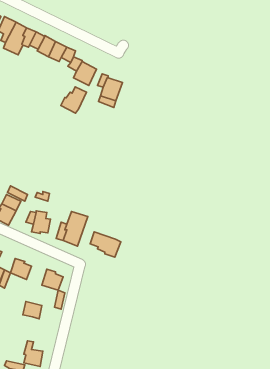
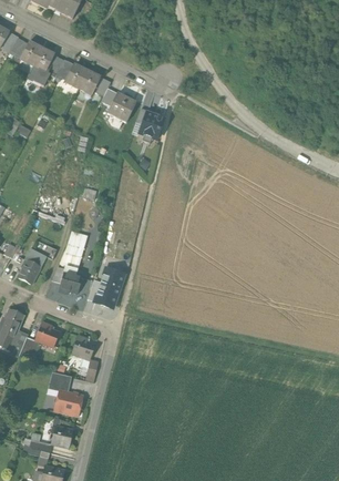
building: [61,87,87,113] -> none
building: [90,232,121,257] -> none
building: none -> [54,390,81,415]

